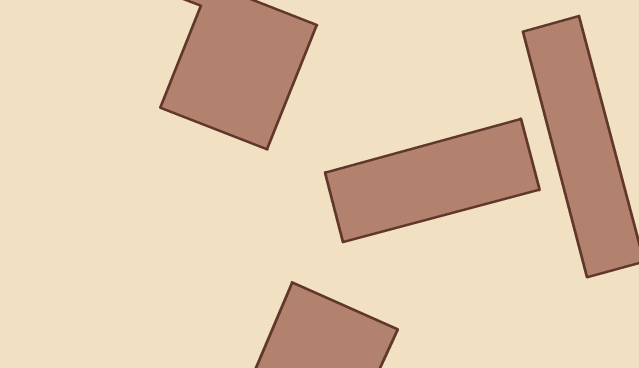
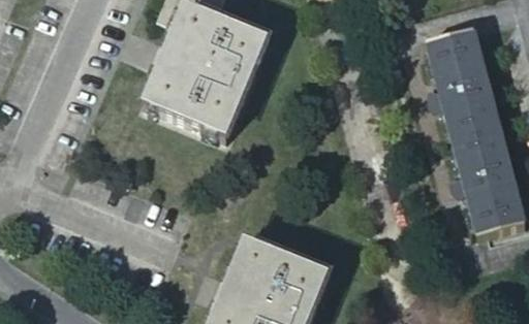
building: [325,119,539,242] -> none

